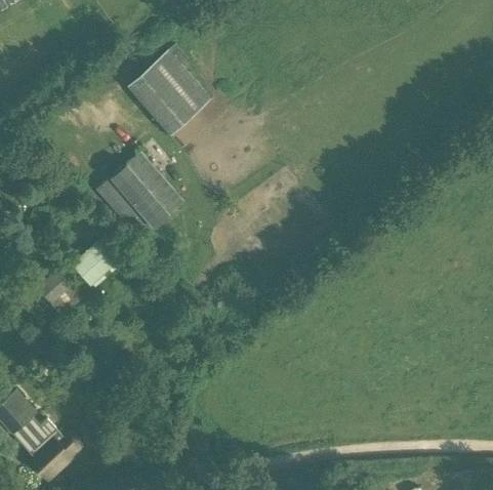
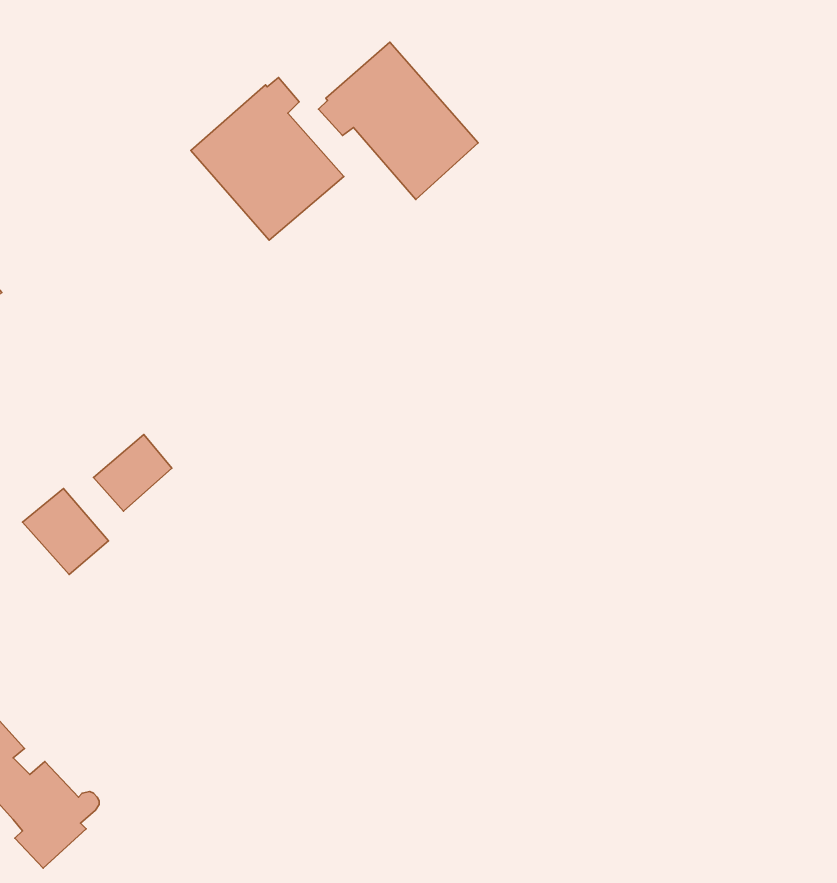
building: none -> [318,42,478,199]
building: [98,153,183,239] -> none

